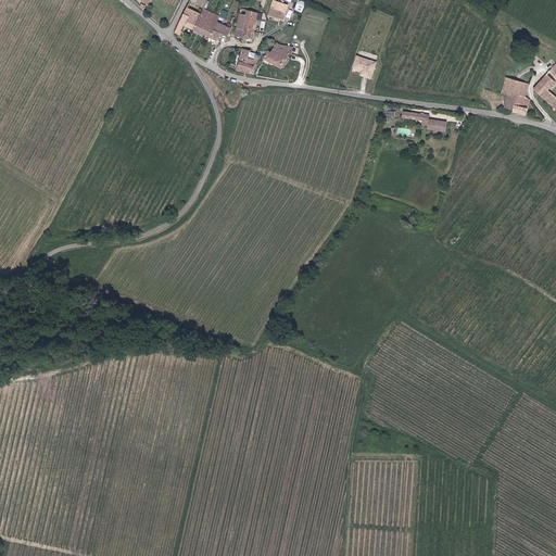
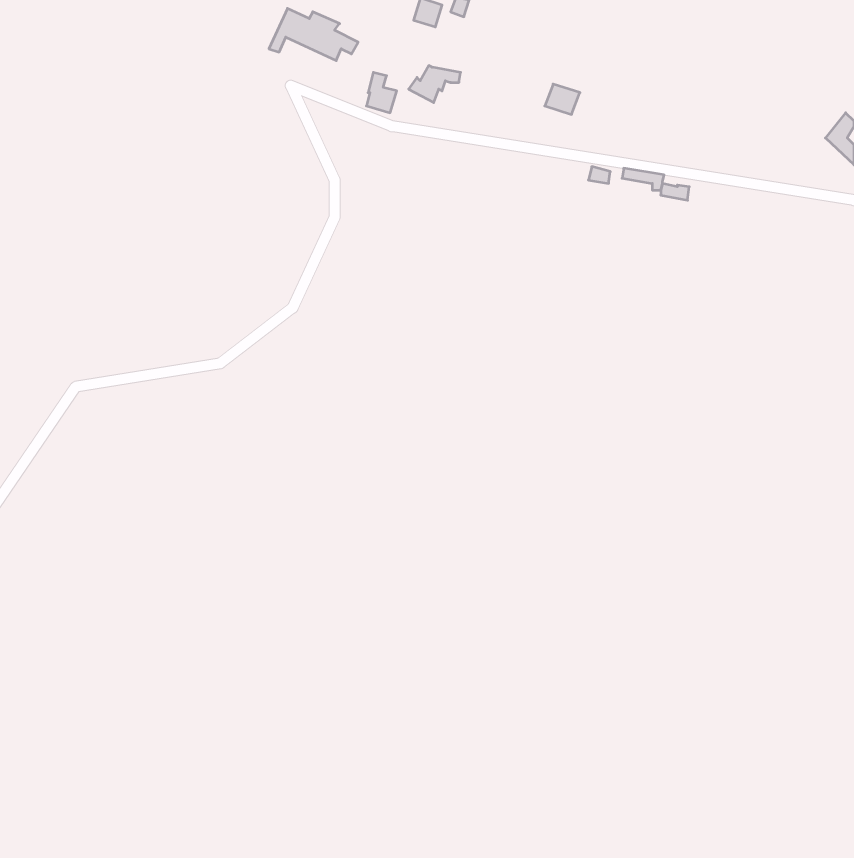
building: [236,8,261,41] -> none
building: [501,77,530,113] -> none

